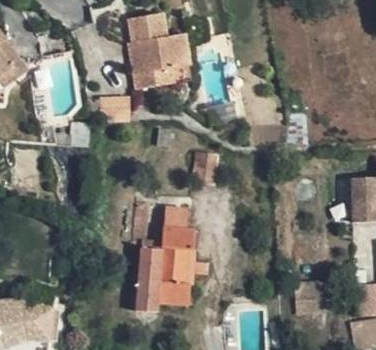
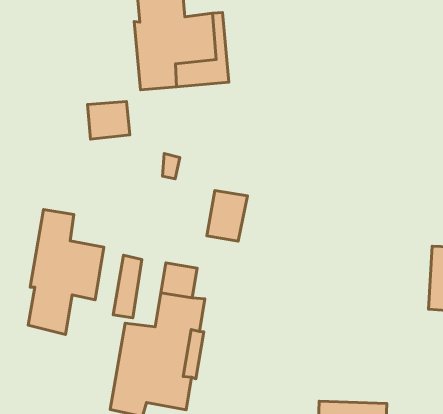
building: none -> [28,210,104,334]

